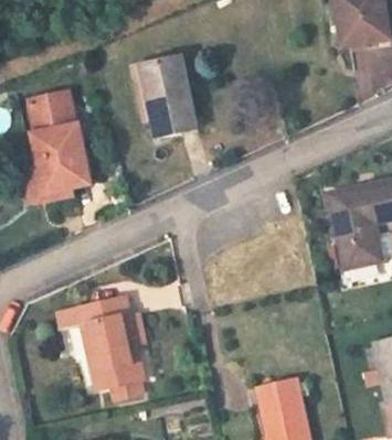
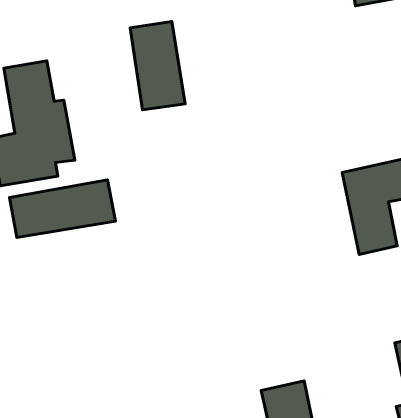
building: none -> [10,180,115,238]
building: [76,311,139,401] -> none

